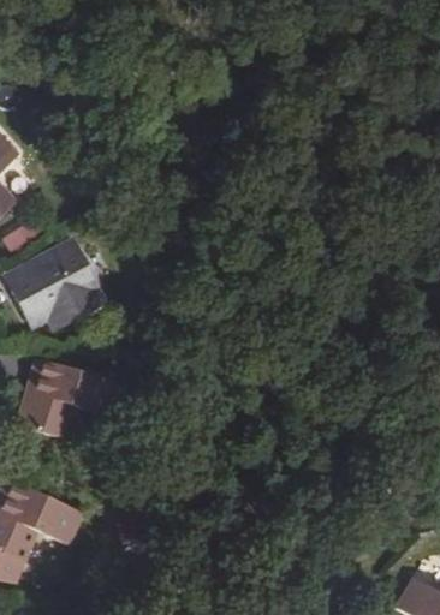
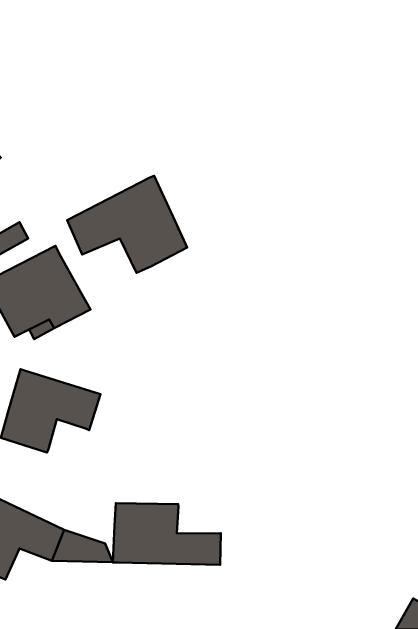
building: none -> [67,176,187,273]
building: none -> [113,503,221,565]

